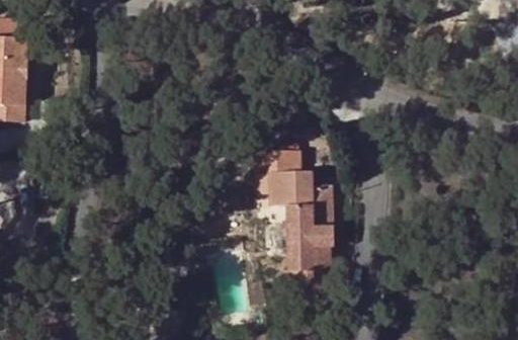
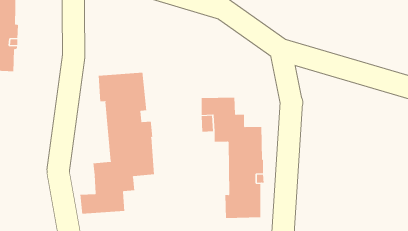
building: none -> [80,72,155,215]

